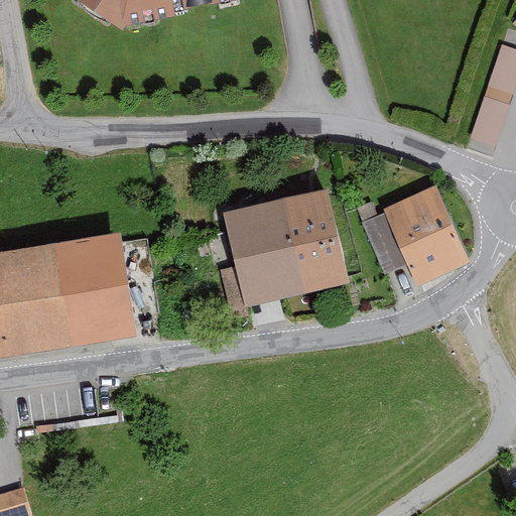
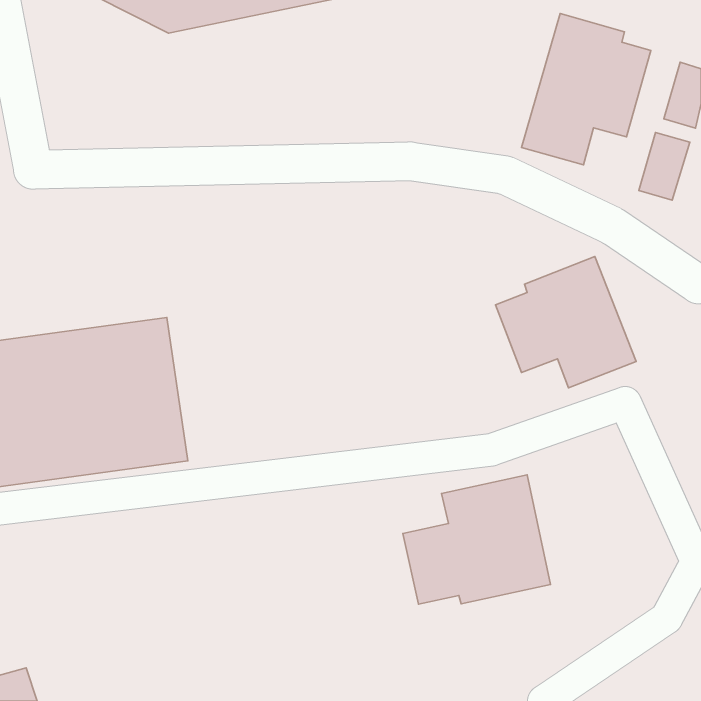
building: none -> [522,13,651,165]
building: [220,190,349,320] -> none
building: none -> [403,475,551,604]

